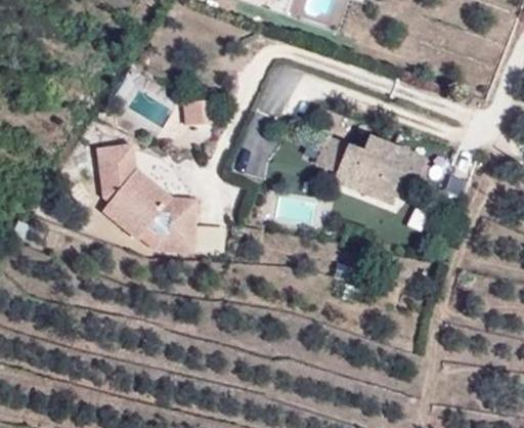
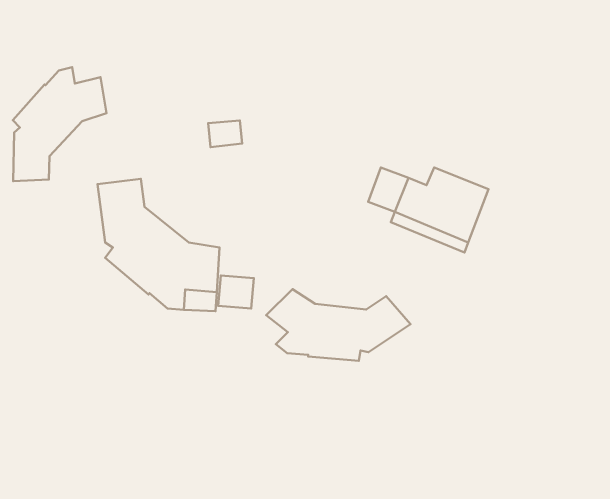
building: none -> [13,67,107,181]
building: none -> [266,289,411,361]

